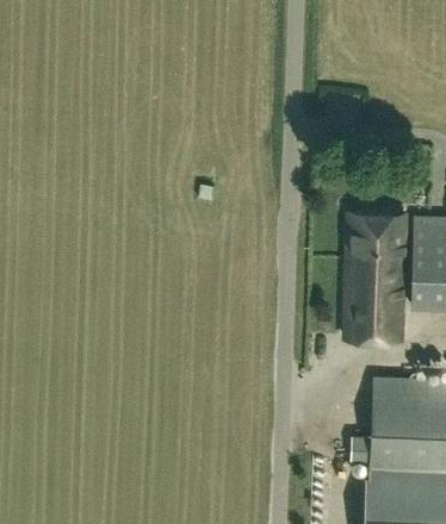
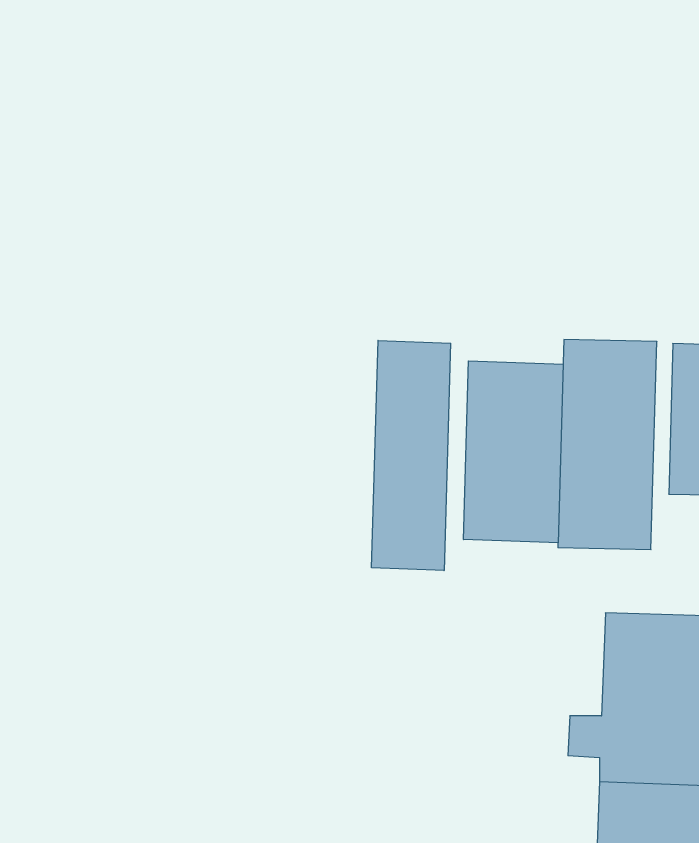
building: none -> [372,340,451,571]
building: none -> [464,361,563,543]

